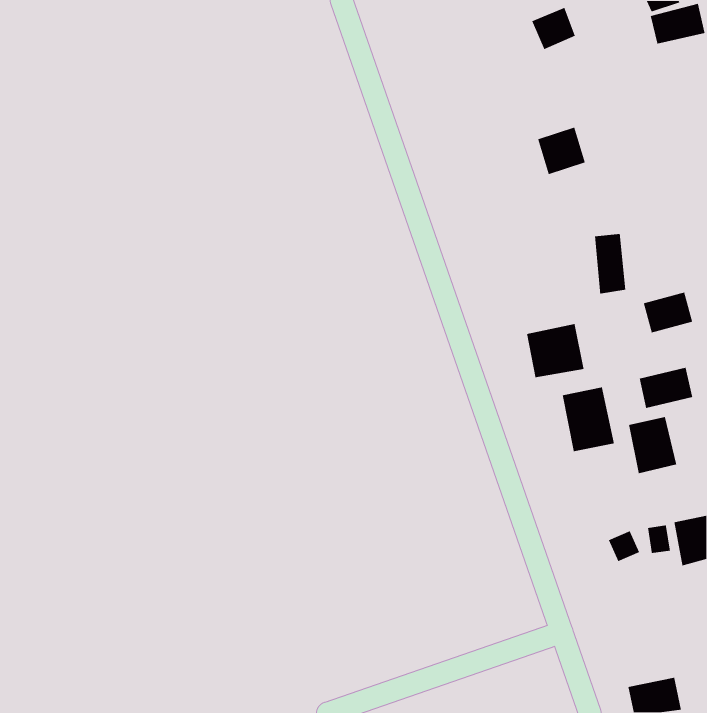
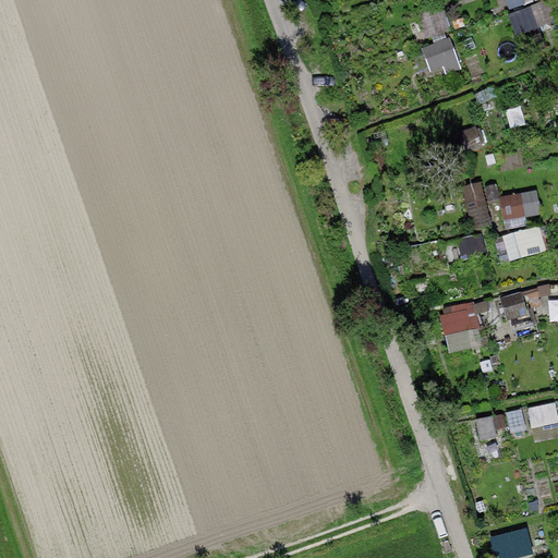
building: [537,126,586,175] -> [421,37,459,75]
building: none -> [499,187,543,220]
building: [526,323,584,378] -> none
building: [628,416,677,474] -> none

